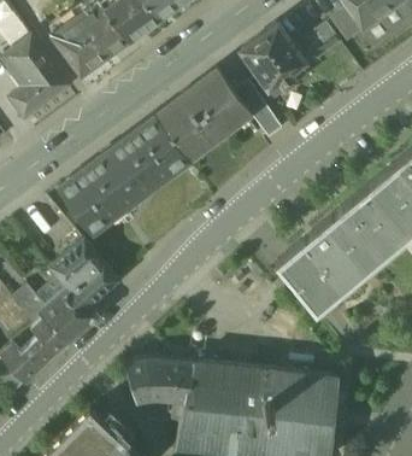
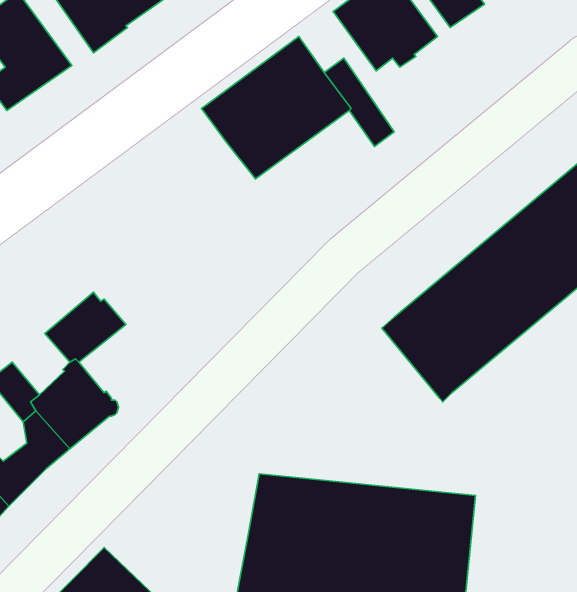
building: [58,117,190,238] -> none
building: [72,262,119,308] -> none
building: [125,358,193,403] -> none

